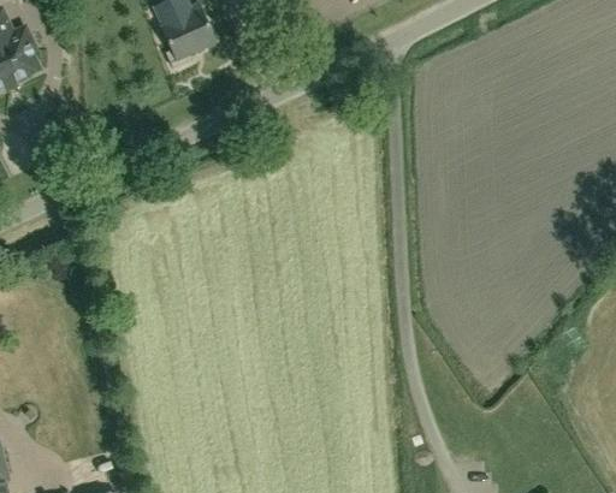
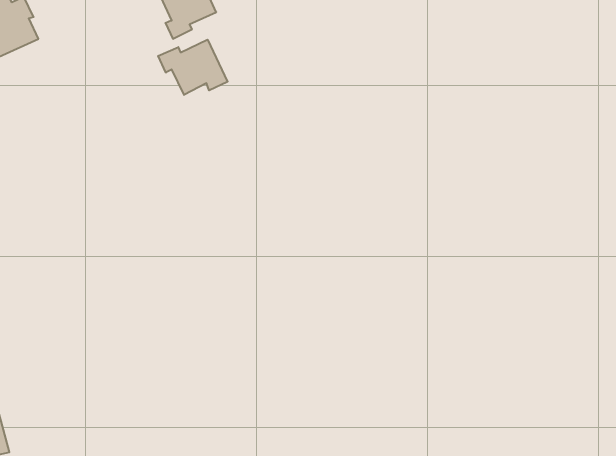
building: none -> [158,40,228,95]

